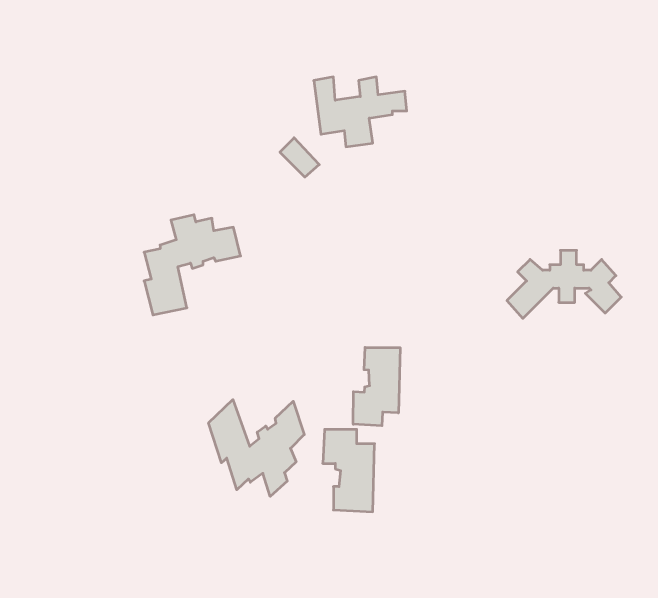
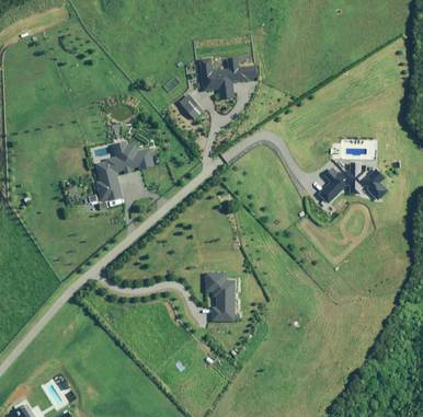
building: [353,347,400,426] -> none
building: [209,400,304,496] -> none

